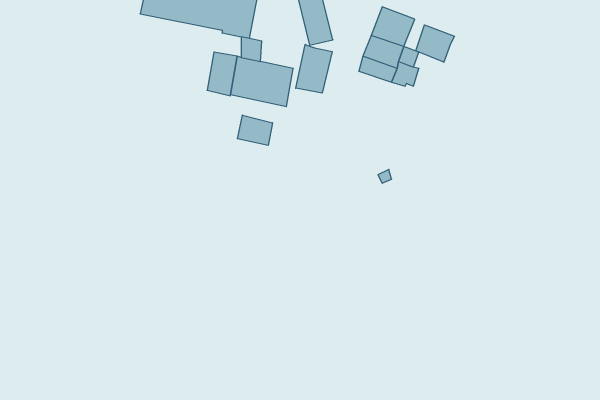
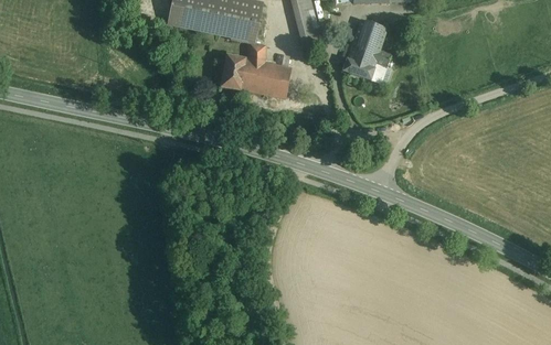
building: [416,25,454,62] -> none
building: [296,44,332,93] -> none
building: [237,115,272,145] -> none

